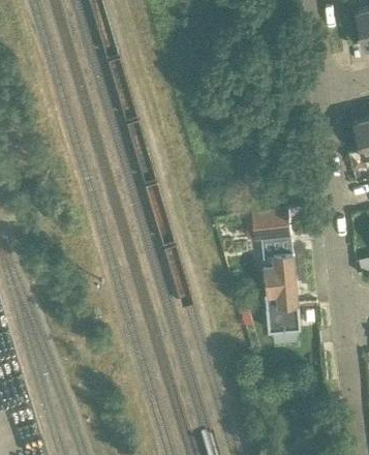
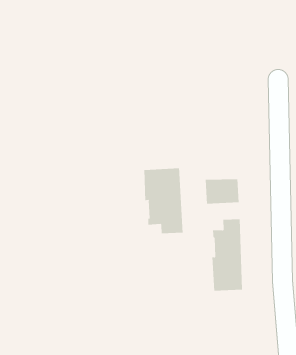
building: none -> [144,168,183,234]

